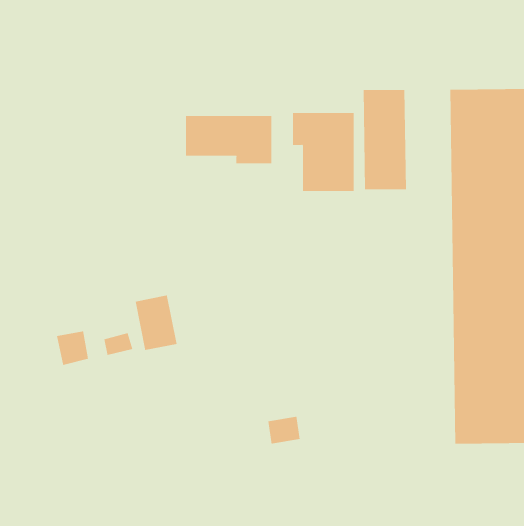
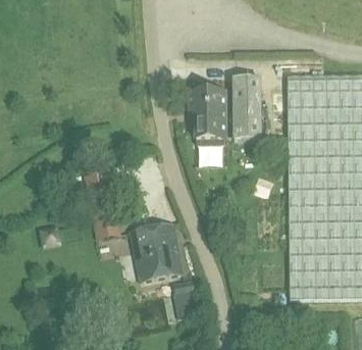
building: [186,115,272,164] -> none
building: none -> [130,223,183,281]

